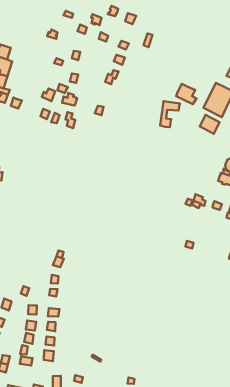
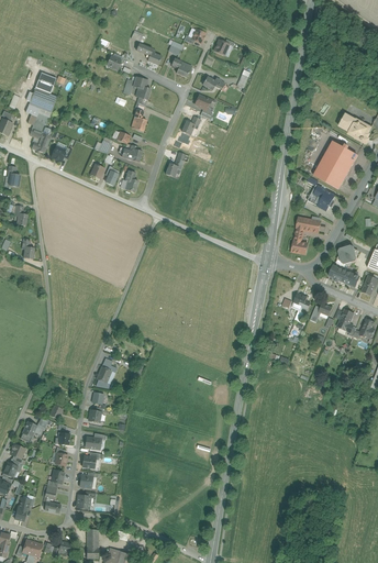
building: [176,84,196,104] -> none
building: [160,101,180,127] -> [292,218,321,254]

